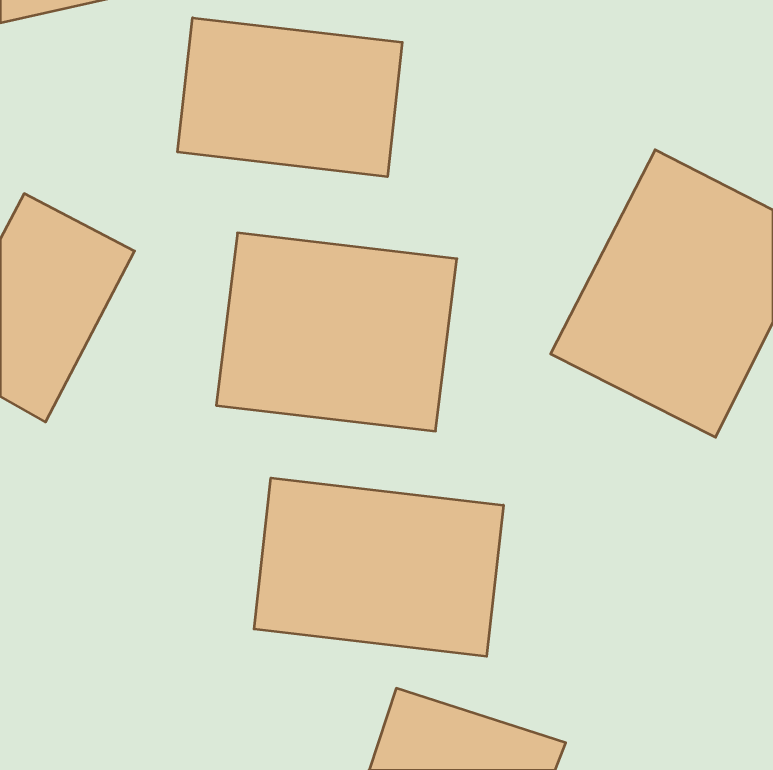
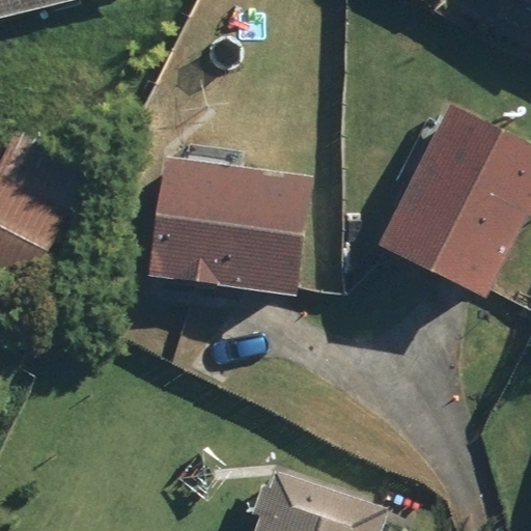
building: [178,18,402,177] -> none
building: [254,478,503,656] -> none

